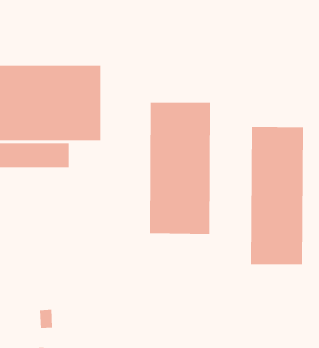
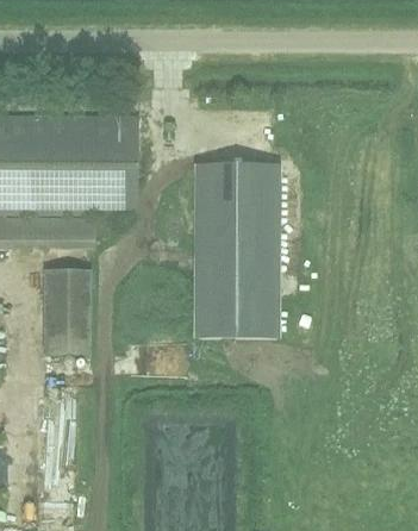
building: [251,126,303,265] -> none
building: none -> [44,267,91,352]

